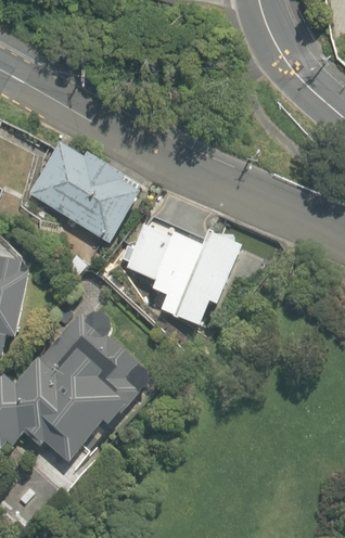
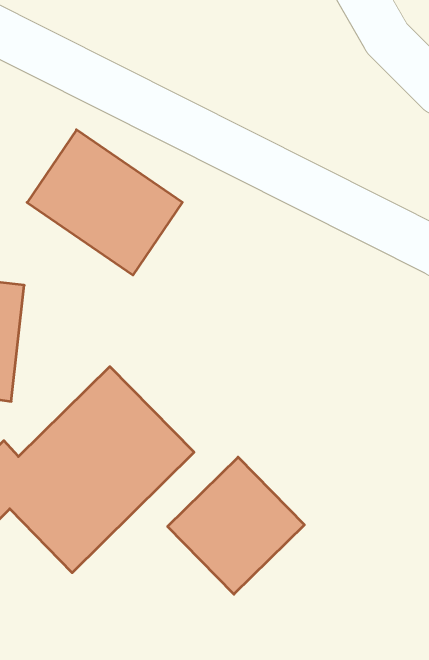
building: [117,215,259,328] -> none
building: none -> [168,457,304,594]

